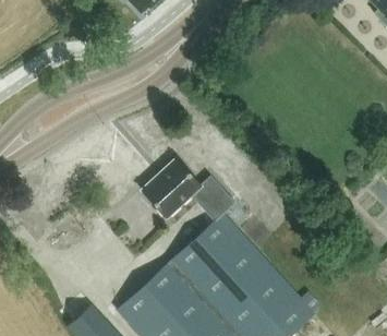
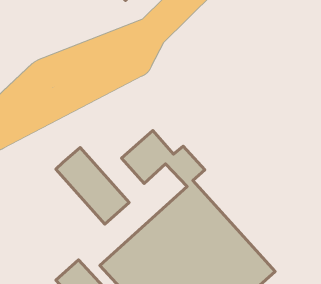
building: none -> [56,147,129,224]

